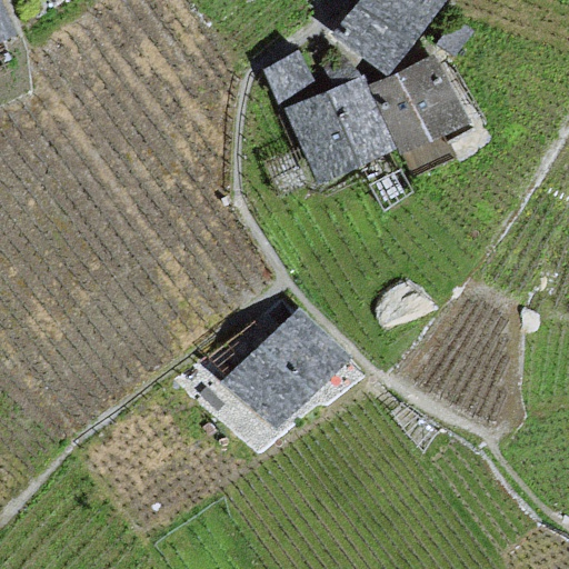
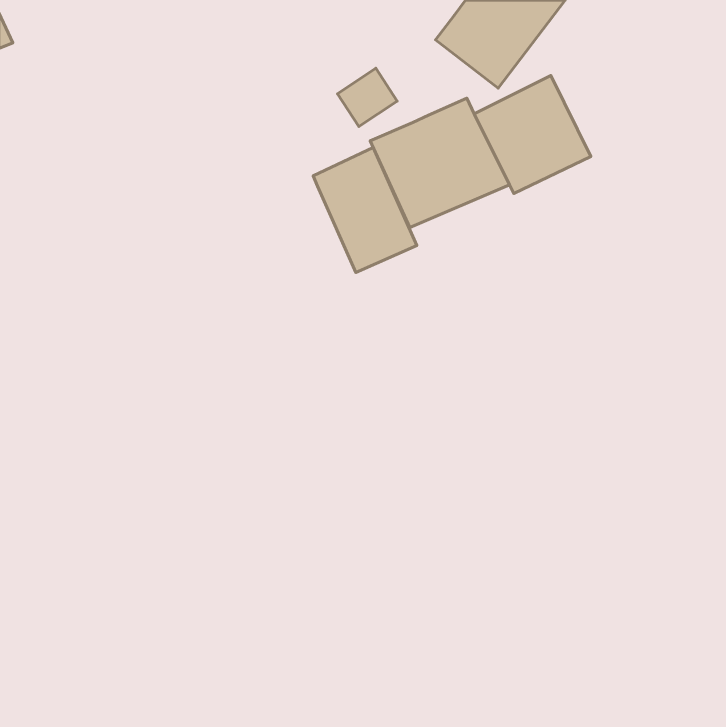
building: none -> [313,148,417,272]
building: [232,311,340,417] -> none

